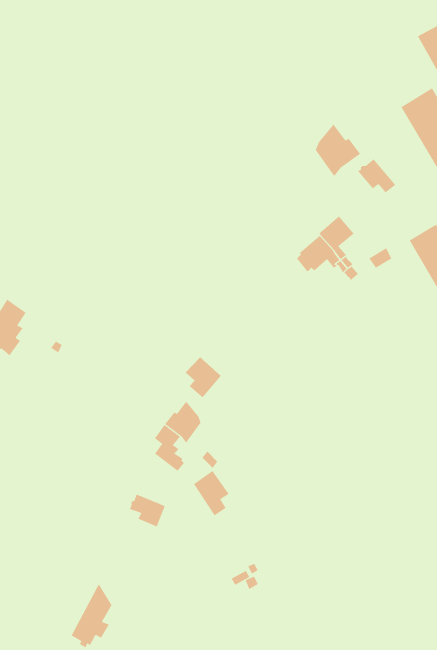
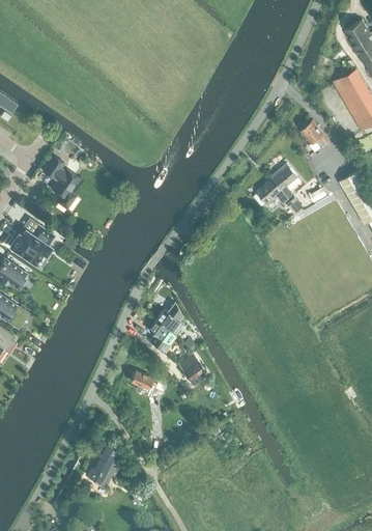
building: [315,124,361,177] -> none
building: none -> [41,153,78,207]
building: [185,356,221,398] -> none

